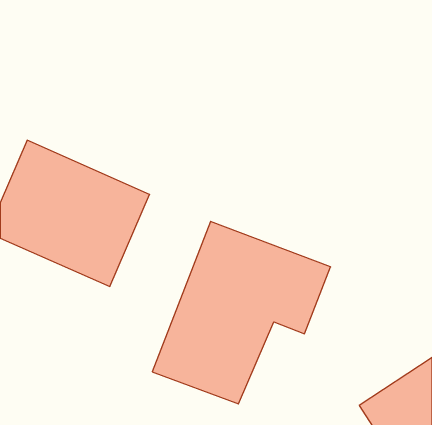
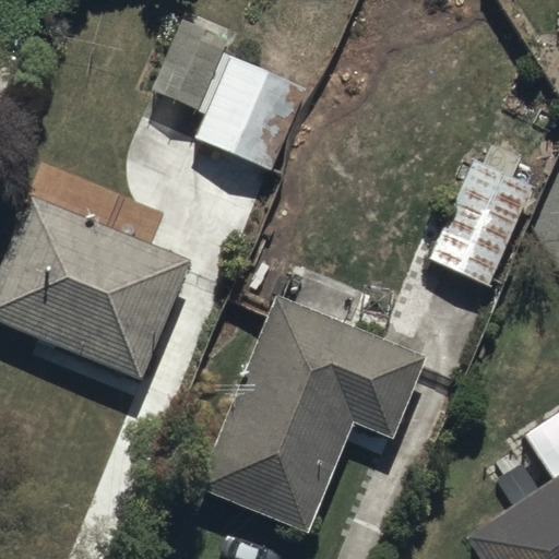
building: none -> [194,55,302,170]
building: none -> [429,162,536,289]

